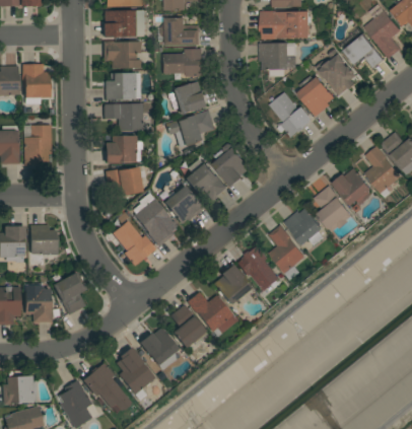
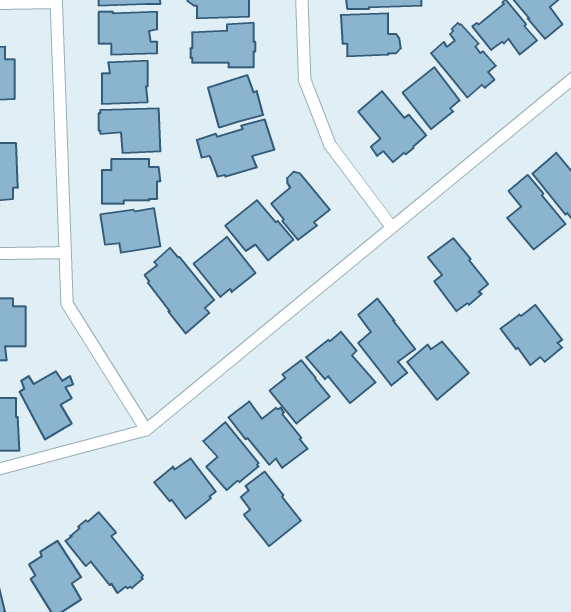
building: [333,168,372,207] -> [500,305,562,365]
building: [285,209,325,246] -> [407,341,469,400]
building: [113,221,156,267] -> none
building: [117,347,155,395] -> [241,472,301,546]

